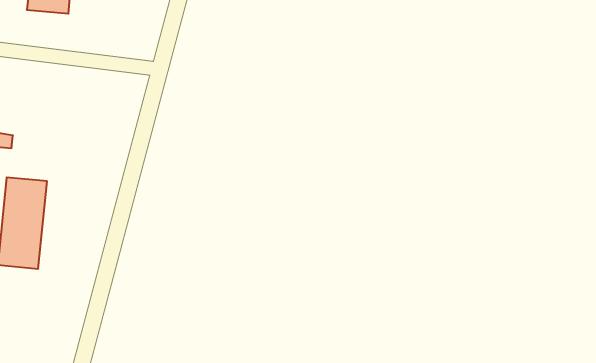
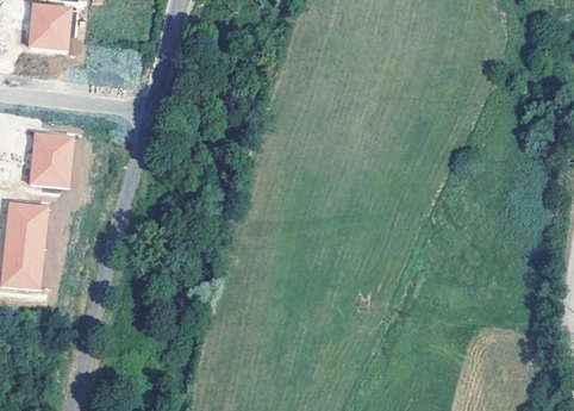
building: none -> [31,132,74,186]

